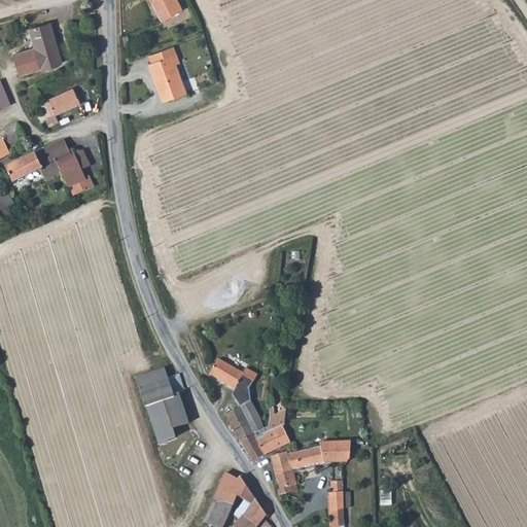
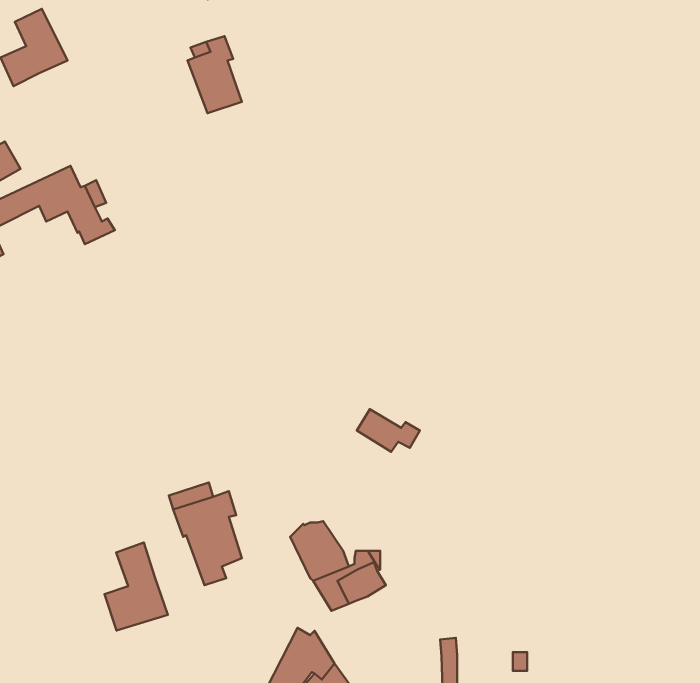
building: [38,86,81,126] -> none
building: [210,358,255,389] -> [357,409,420,452]
building: none -> [104,542,168,630]
building: [271,442,350,495] -> none

